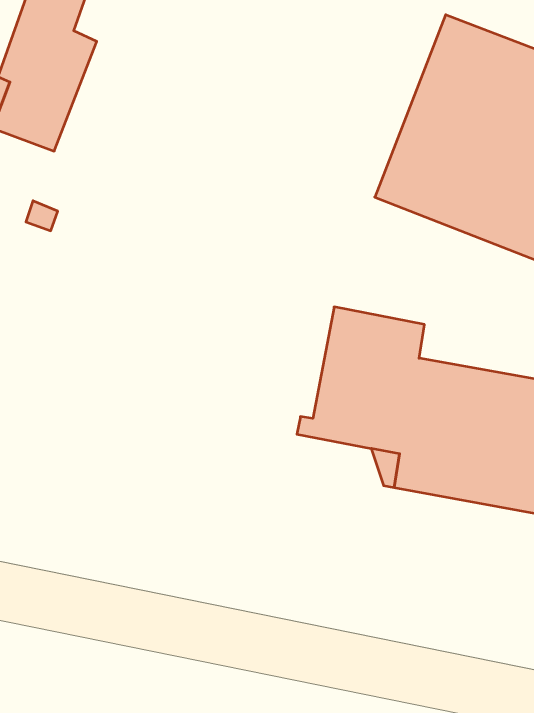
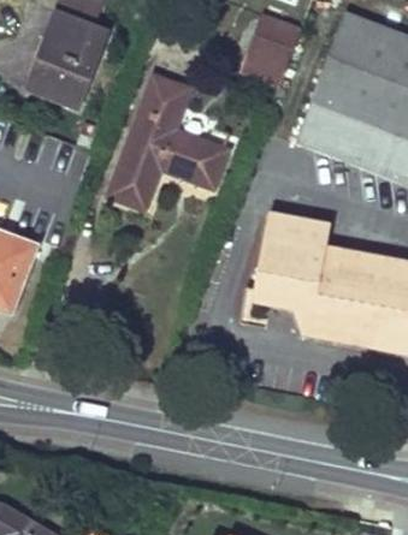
building: none -> [243,16,301,83]
building: none -> [110,76,226,207]

